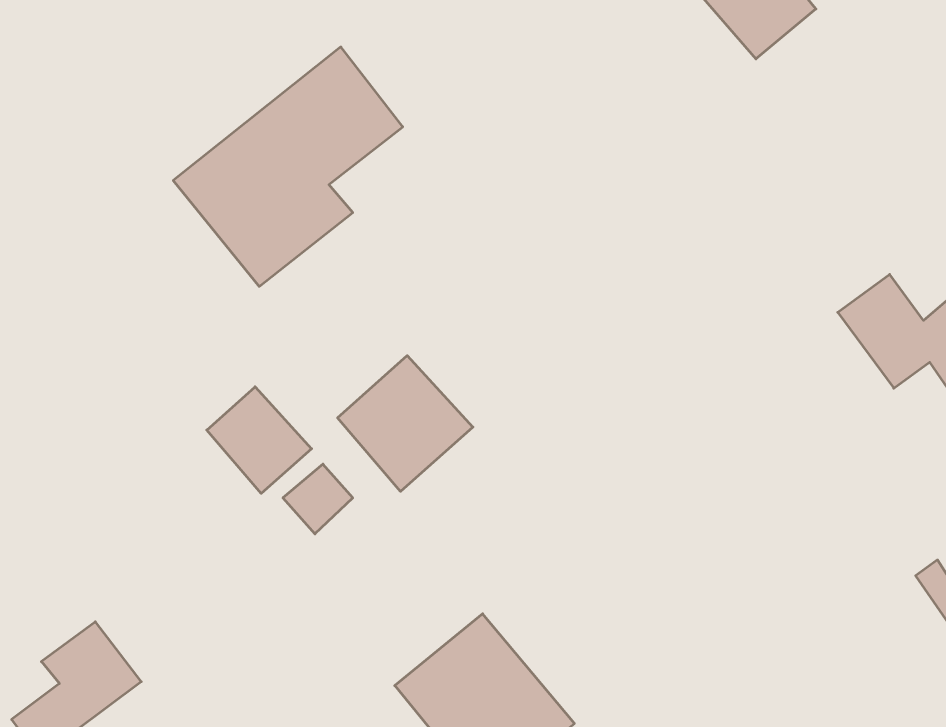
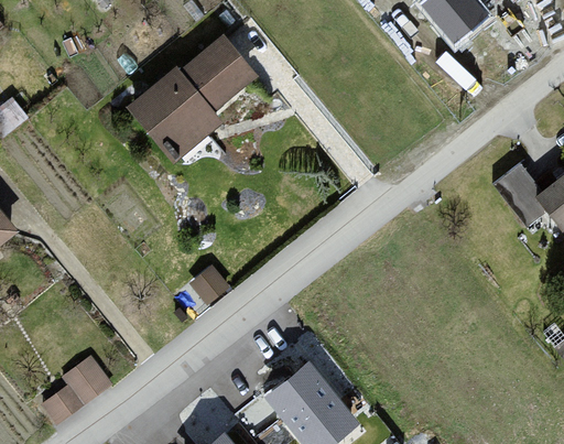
building: [338,356,473,491] -> none
building: [207,387,312,493] -> none

